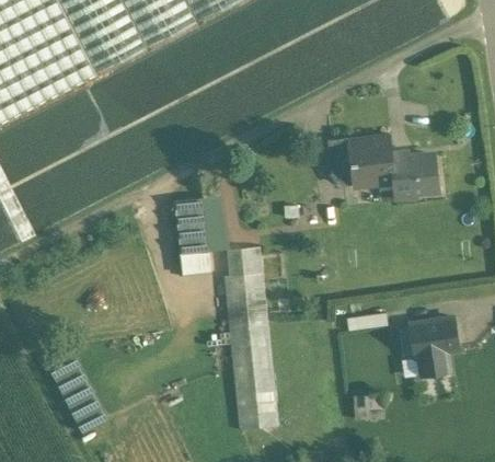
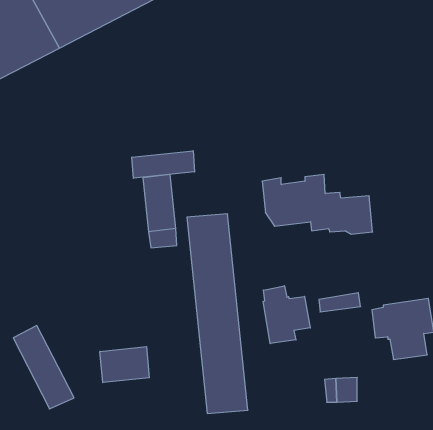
building: [329,134,436,192] -> [262,174,373,234]
building: none -> [132,151,195,178]
building: none -> [263,286,310,344]
building: none -> [100,347,149,383]

